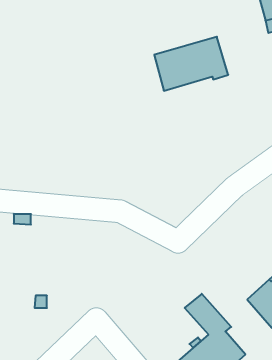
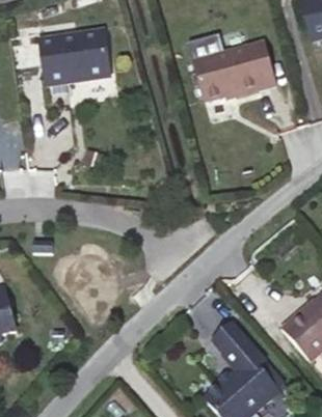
building: none -> [41,29,109,83]

